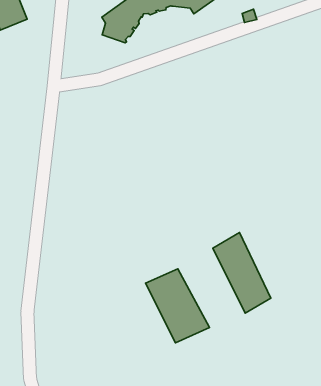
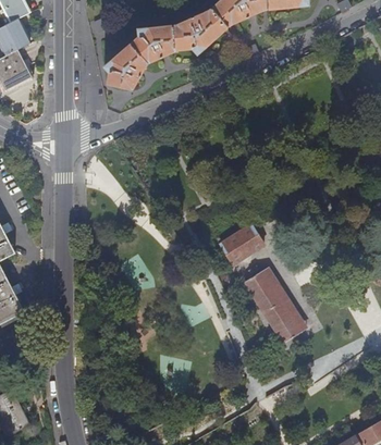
building: none -> [213,221,265,267]
building: [146,269,209,343] -> none

